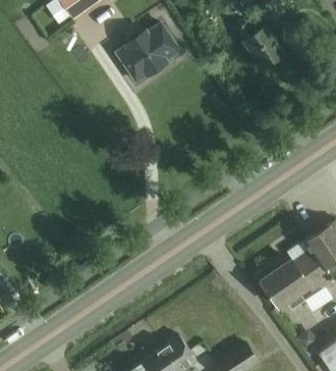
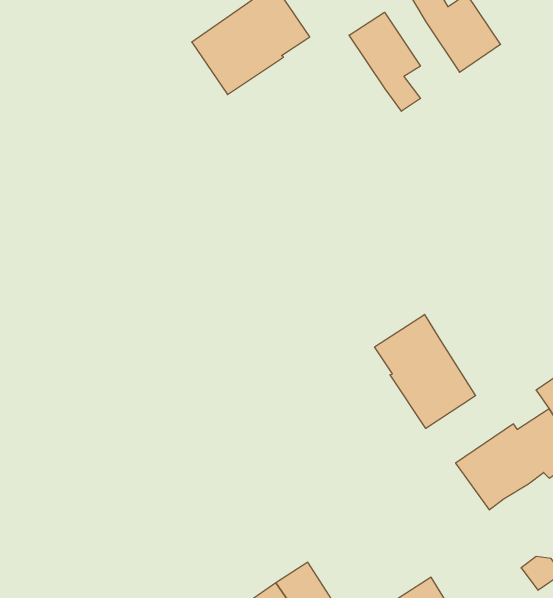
building: none -> [349,12,420,111]
building: none -> [375,314,476,428]

